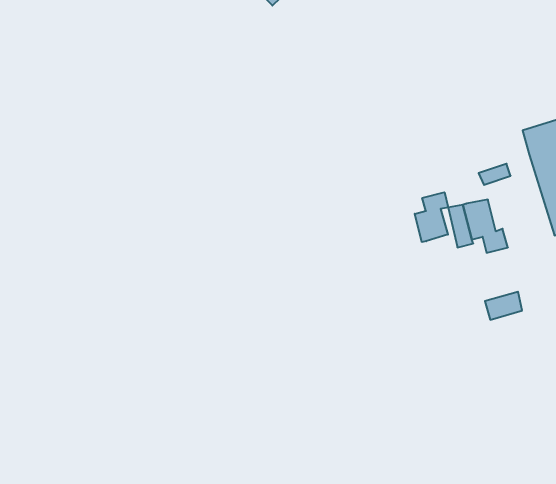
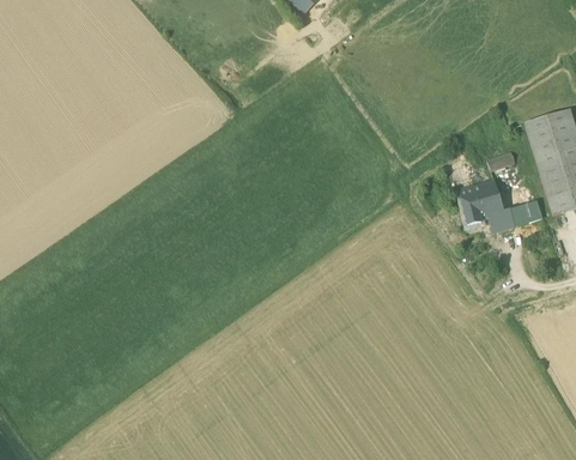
building: [415,192,448,242] -> none
building: [485,292,522,320] -> [508,201,541,226]

